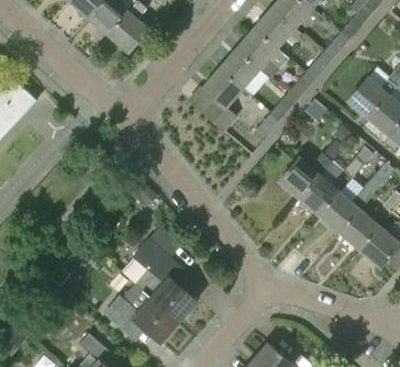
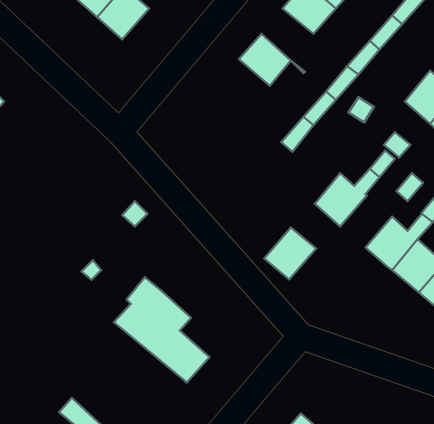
building: [237,29,279,78] -> none
building: [202,68,244,131] -> none
building: [299,175,340,215] -> [264,228,316,280]
building: [104,285,179,343] -> none

